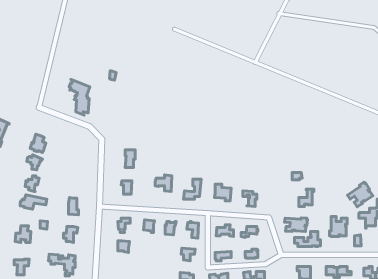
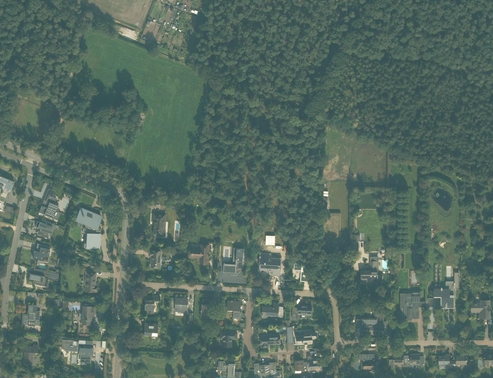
building: [69,79,90,115] -> [76,208,101,251]
building: [347,182,373,207] -> none
building: [285,218,308,231] -> none

